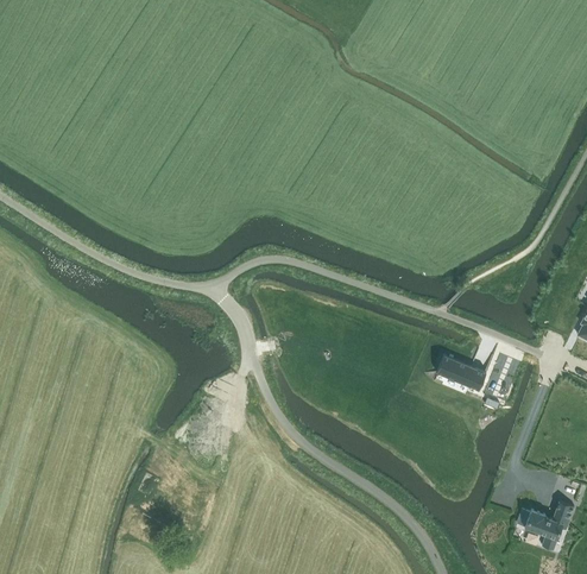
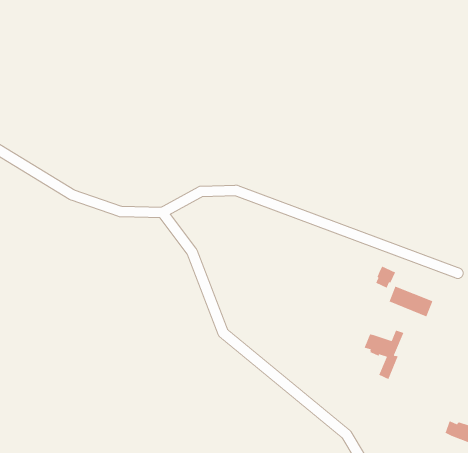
building: none -> [364,329,405,380]

